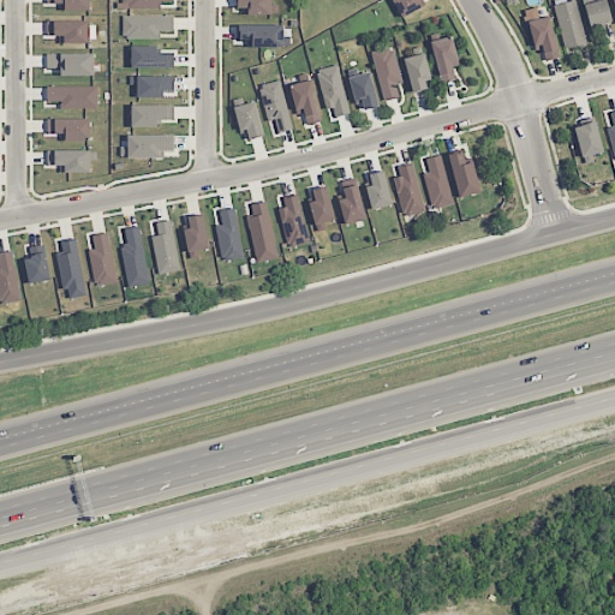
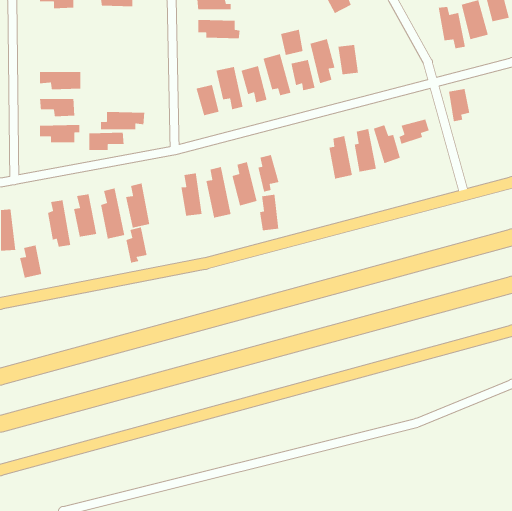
building: [123,14,173,37] -> none
building: [47,19,95,42] -> none
building: none -> [280,29,304,56]
building: [432,36,456,80] -> none
building: [131,44,174,67] -> none
building: [46,52,94,74] -> none
building: [130,74,173,95] -> none
building: [131,103,174,126] -> [88,132,124,151]
building: [575,121,602,162] -> [448,88,470,122]
building: none -> [398,118,430,145]
building: [365,169,392,209] -> none
building: [339,178,363,222] -> [259,194,279,231]
building: [183,213,209,257] -> [126,227,148,264]
building: [23,243,50,283] -> [19,244,42,279]

